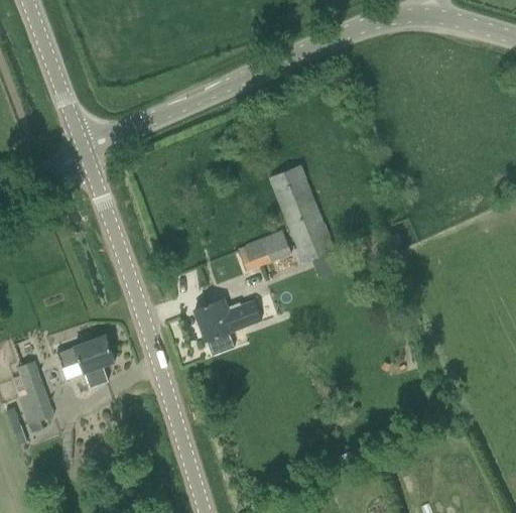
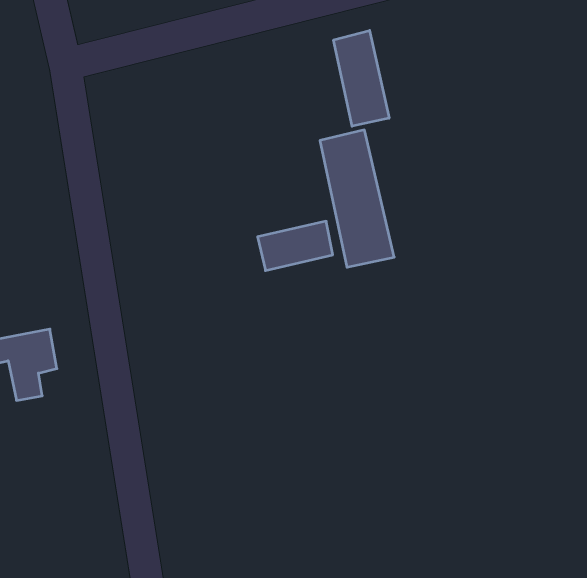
building: none -> [334,30,389,126]
building: [195,297,263,355] -> none

